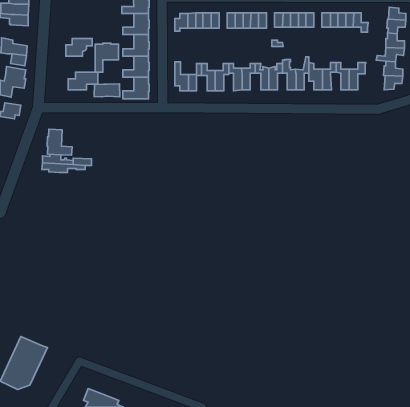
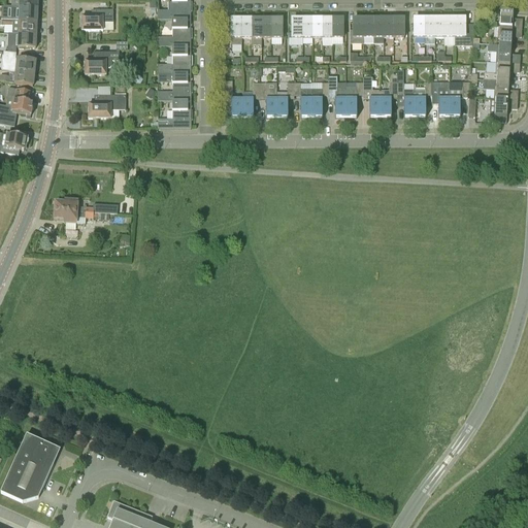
building: none -> [81,7,113,28]
building: none -> [7,32,36,51]
building: [95,43,119,72] -> none
building: [94,84,120,97] -> none
building: [47,129,72,155] -> none

